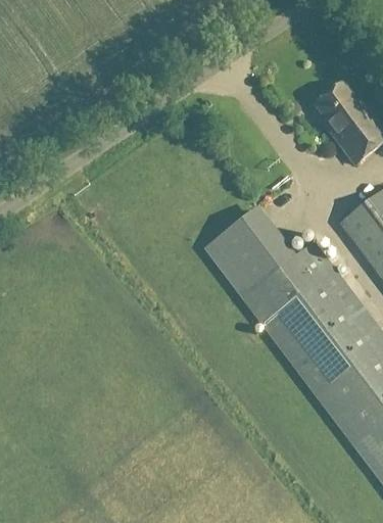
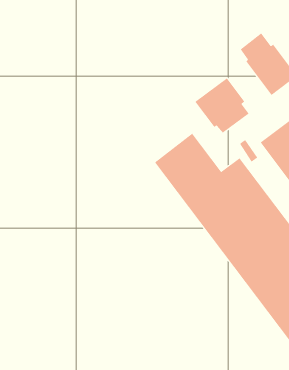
building: none -> [194,77,250,134]

